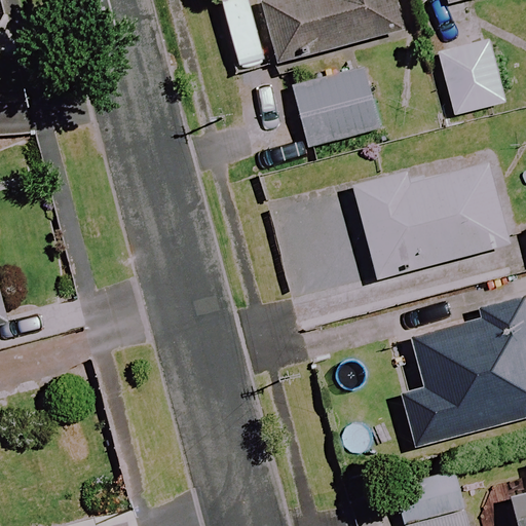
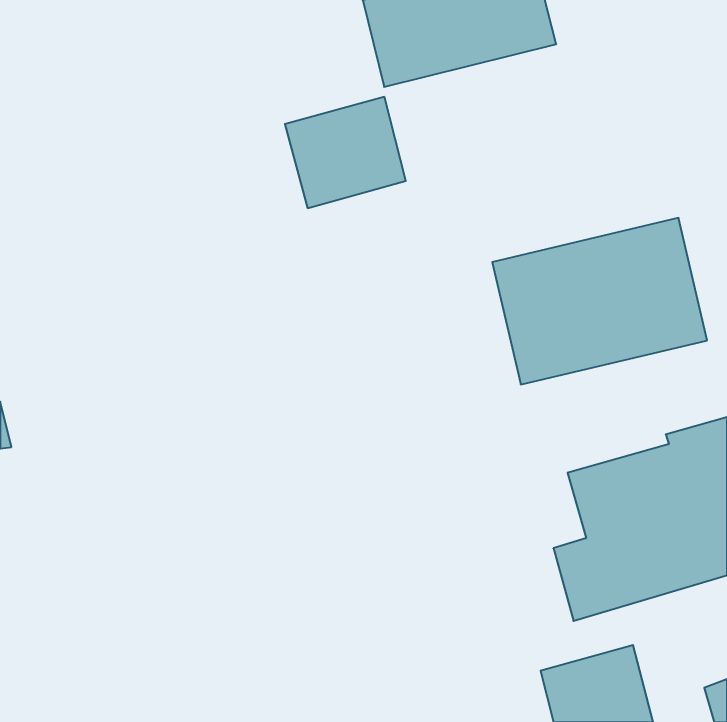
building: [438,40,506,115] -> none
building: [291,68,378,148] -> [285,97,406,208]

